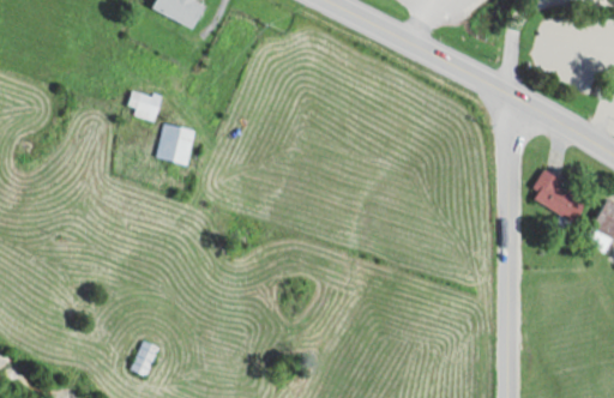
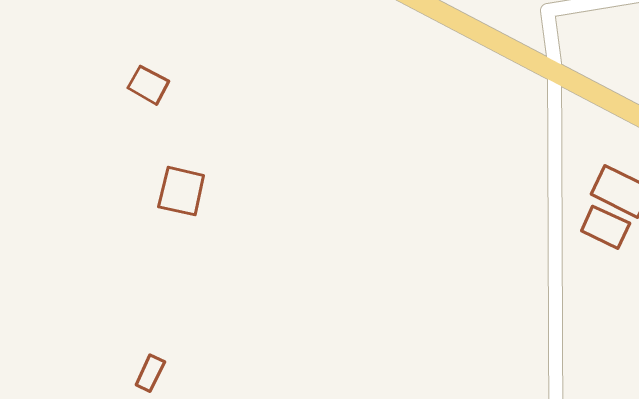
building: [155,122,194,164] -> [159,167,203,215]
building: none -> [582,206,630,249]

